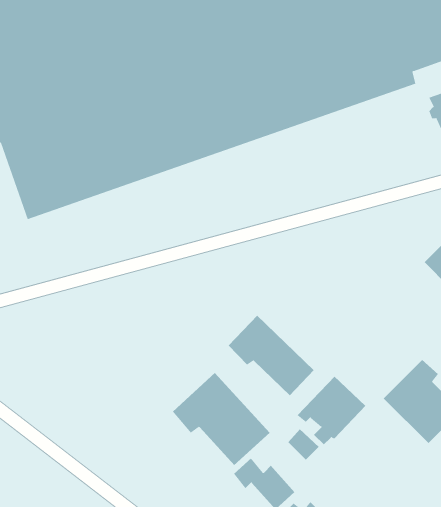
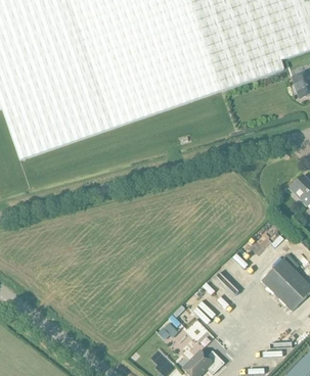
building: [228,315,315,396] -> none
building: [172,372,270,466] -> none

